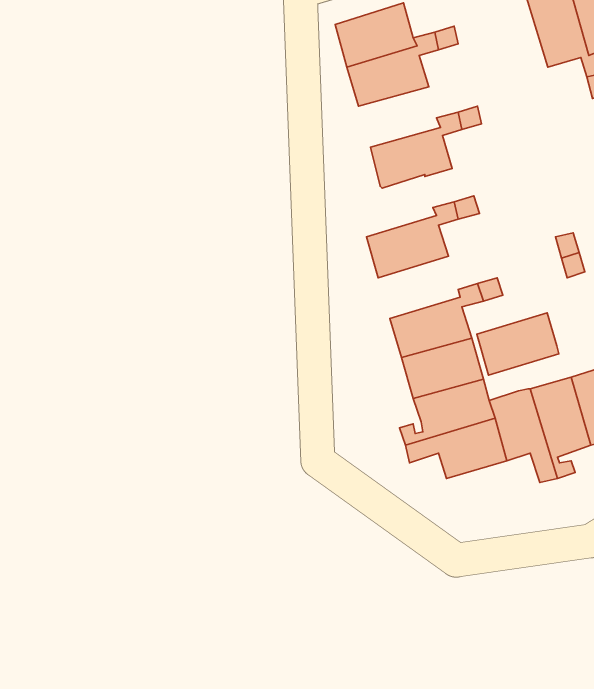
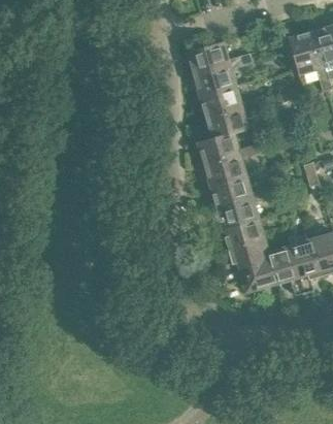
building: none -> [199,84,242,116]
building: none -> [197,130,240,163]
building: [477,313,559,375] -> [209,173,253,206]

